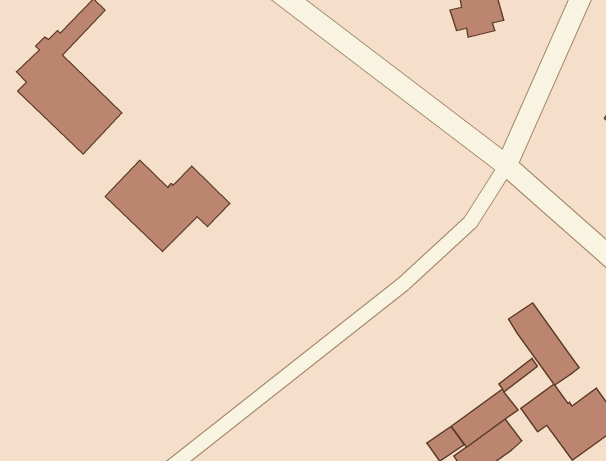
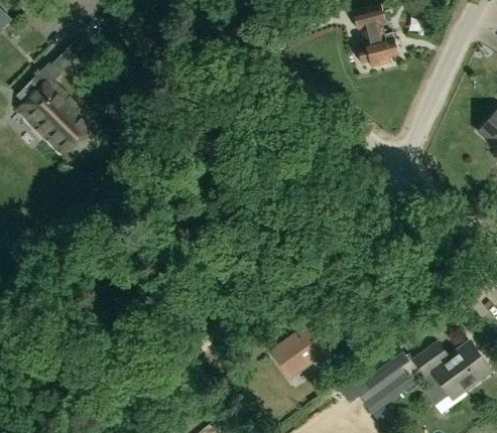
building: [105,160,230,252] -> none
building: [509,303,579,385] -> none
building: none -> [272,329,330,378]

